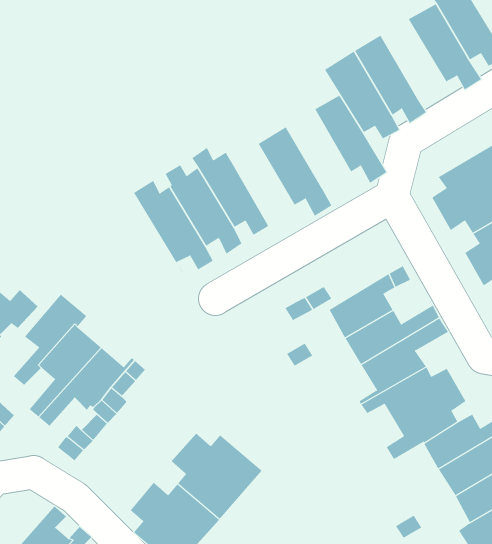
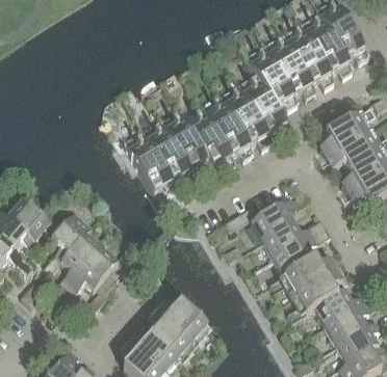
building: none -> [286,30,334,87]
building: none -> [224,89,273,149]
building: none -> [187,112,235,170]

